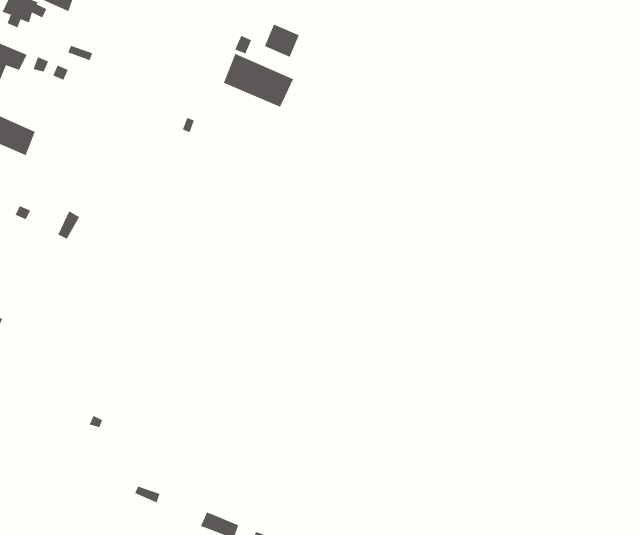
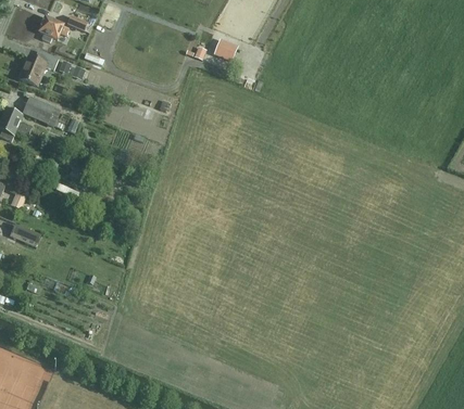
building: [223,53,294,108] -> none

